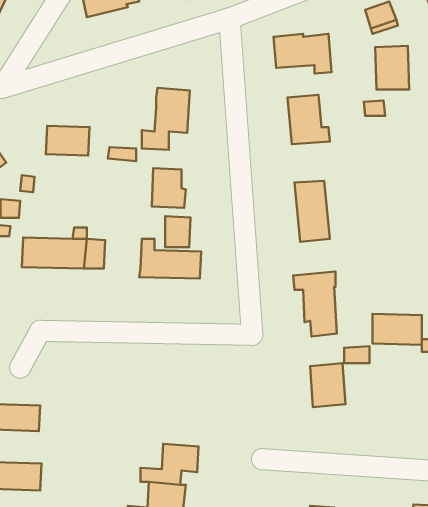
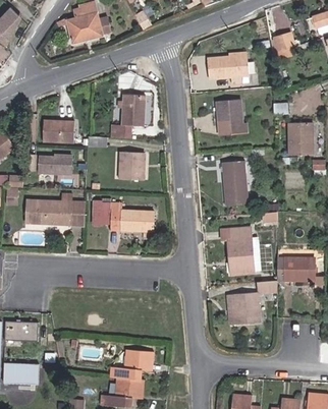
building: [375,46,409,90] -> [287,122,312,154]
building: none -> [38,156,71,175]
building: [165,216,191,247] -> [93,201,111,224]

